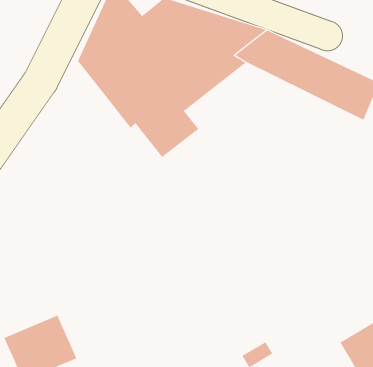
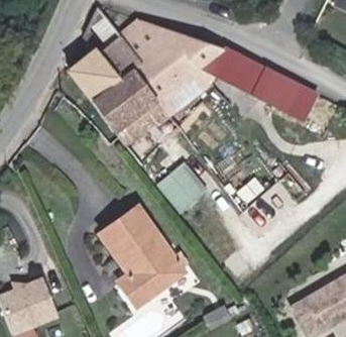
building: none -> [155,160,206,212]
building: none -> [101,208,187,307]

